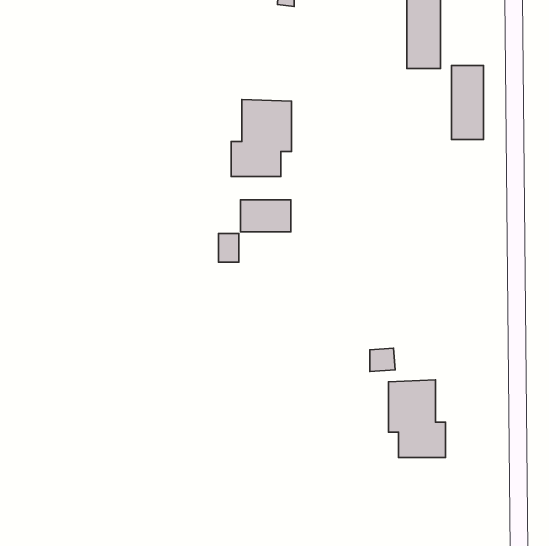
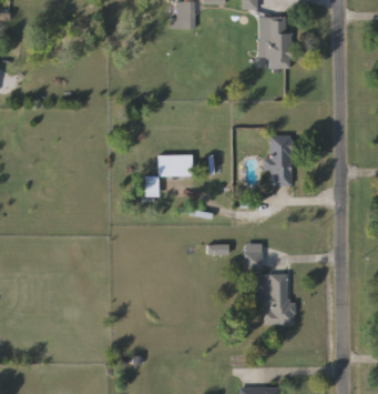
building: [451,66,483,140] -> [272,137,293,185]
building: [231,100,291,177] -> none

